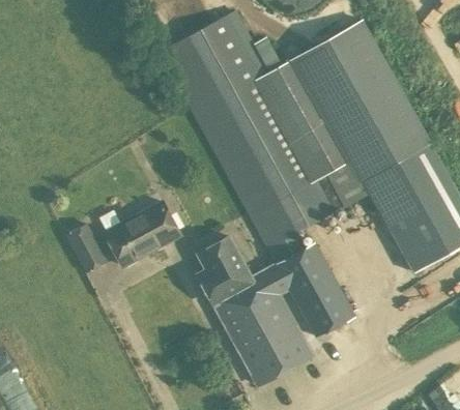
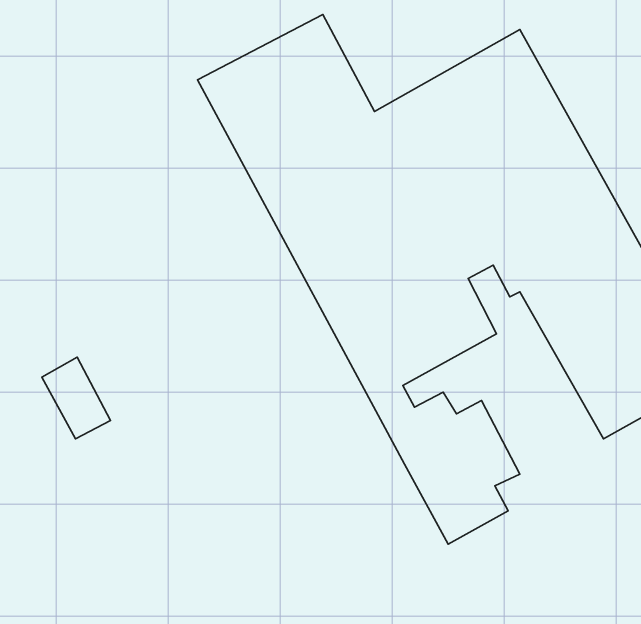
building: [105,203,179,266] -> none
building: [197,237,309,379] -> none

